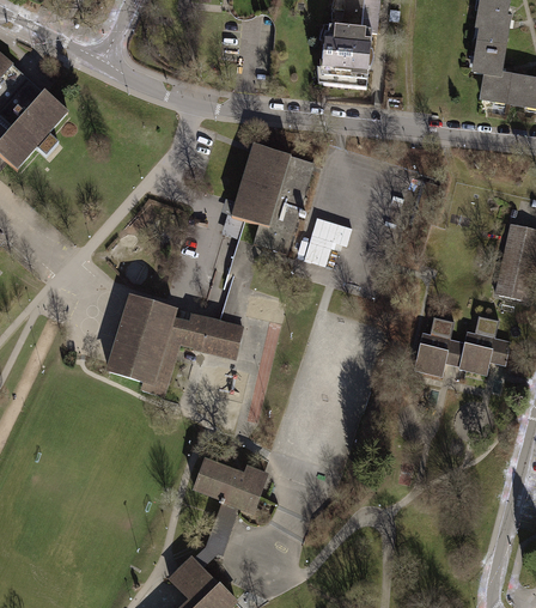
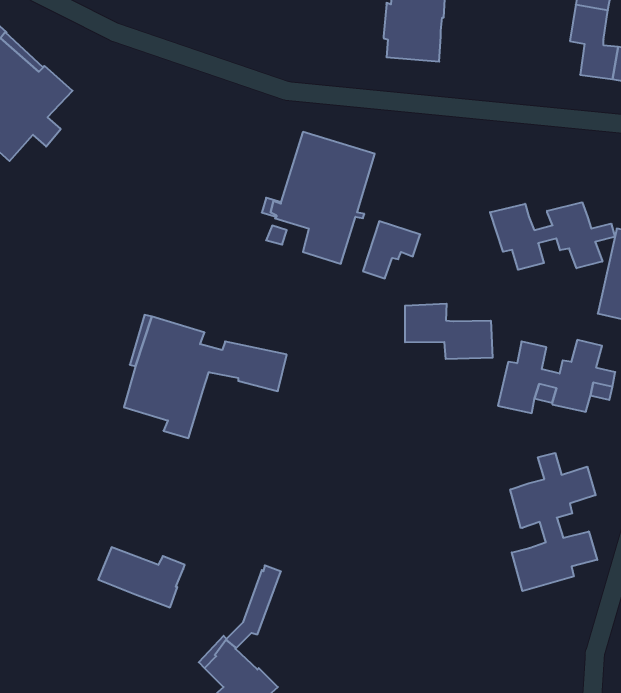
building: none -> [490,202,615,270]
building: none -> [405,304,493,359]
building: none -> [510,453,597,591]
building: [194,461,264,510] -> [98,547,185,607]

